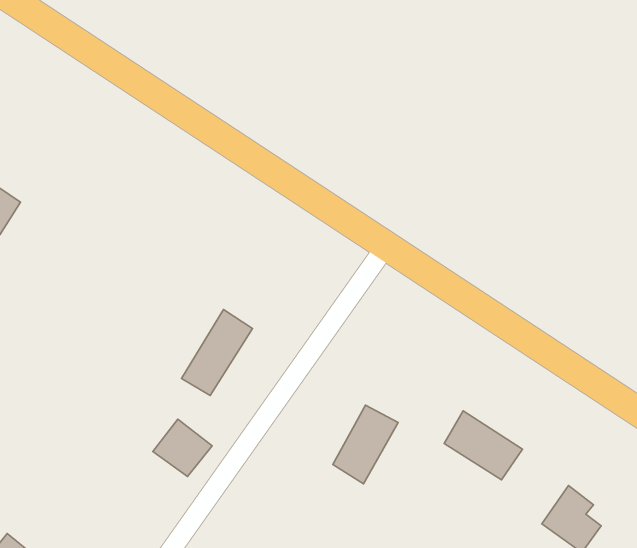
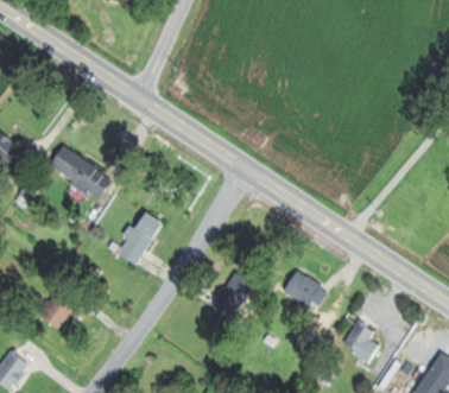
building: none -> [49,146,114,198]
building: [153,419,212,477] -> [36,293,72,329]

